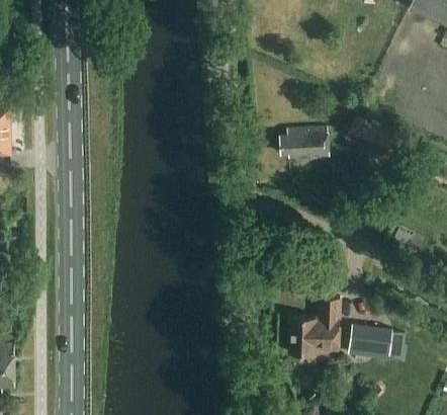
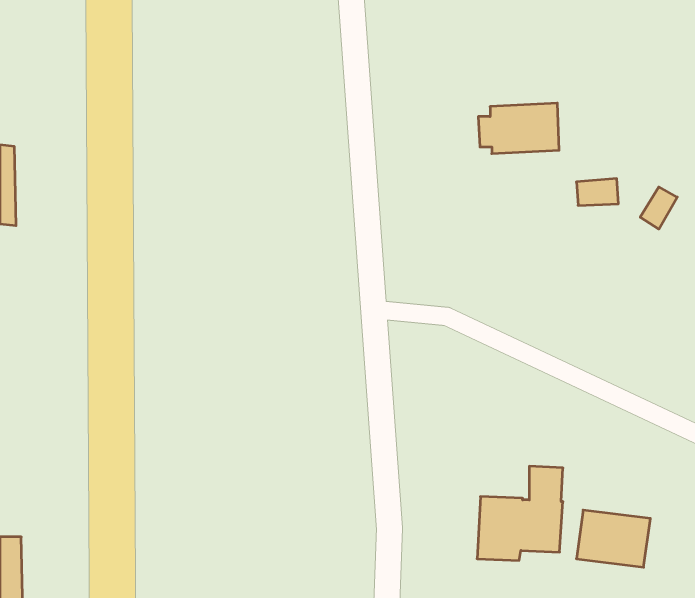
building: [280,128,329,158] -> [478,103,559,154]

